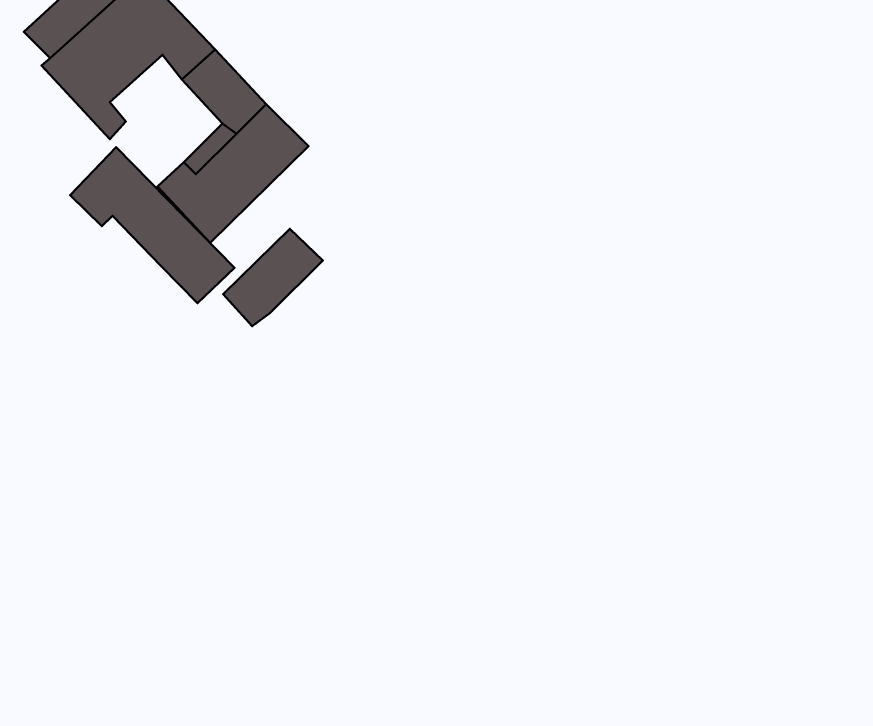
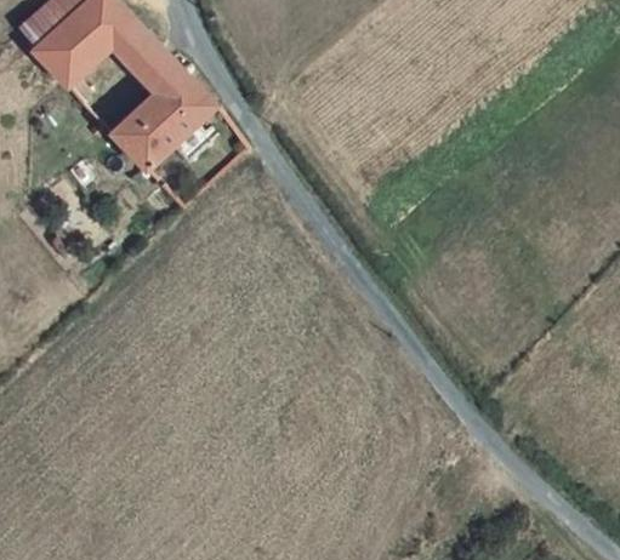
building: [70,147,234,303] -> none
building: [223,229,323,326] -> none

